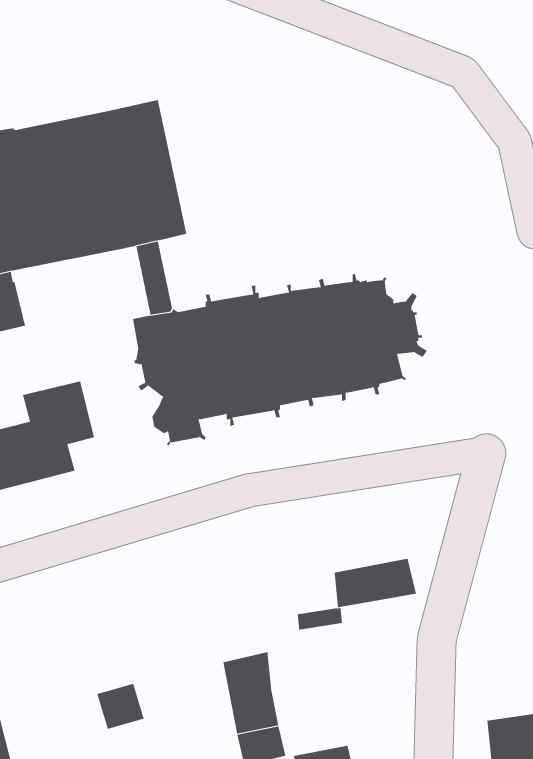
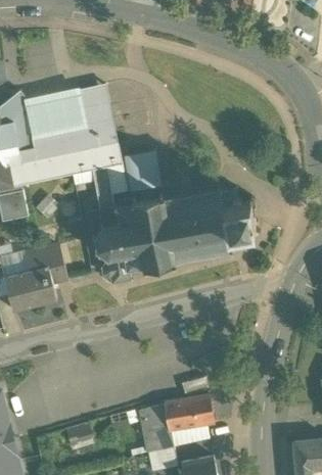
building: none -> [125,150,158,199]
building: [334,558,417,608] -> [168,396,216,425]

